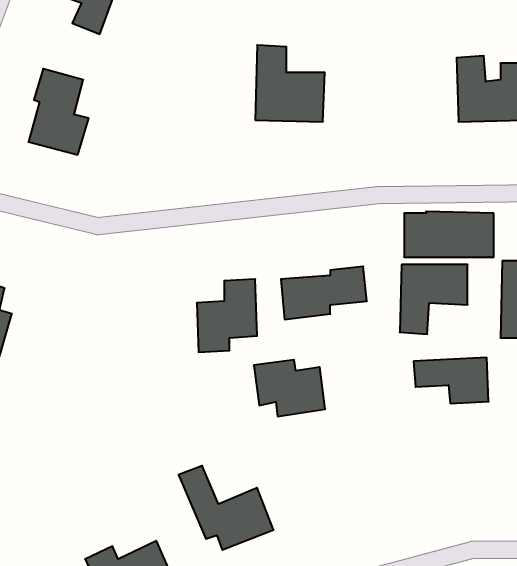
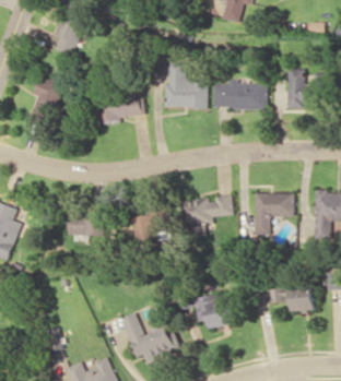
building: none -> [99,98,142,123]
building: [404,211,494,257] -> [213,82,267,109]
building: none -> [67,210,105,236]
building: [414,358,489,403] -> [270,285,315,312]
building: [254,360,325,416] -> [195,295,237,329]

